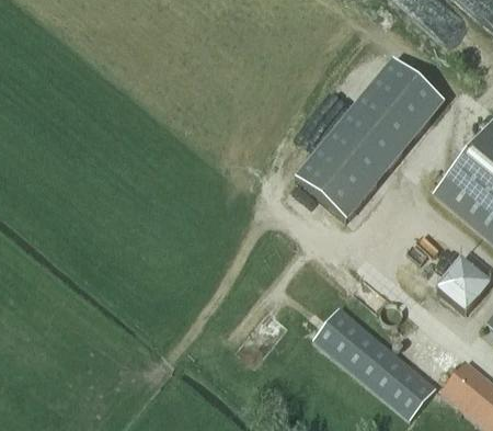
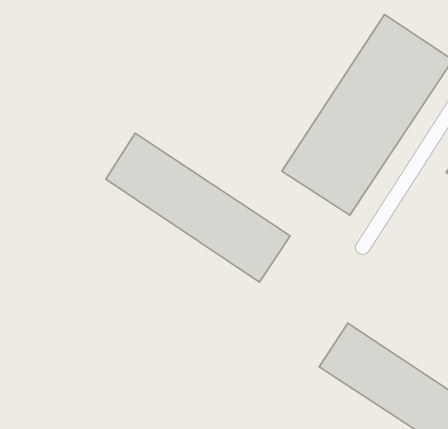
building: none -> [106,133,290,282]

